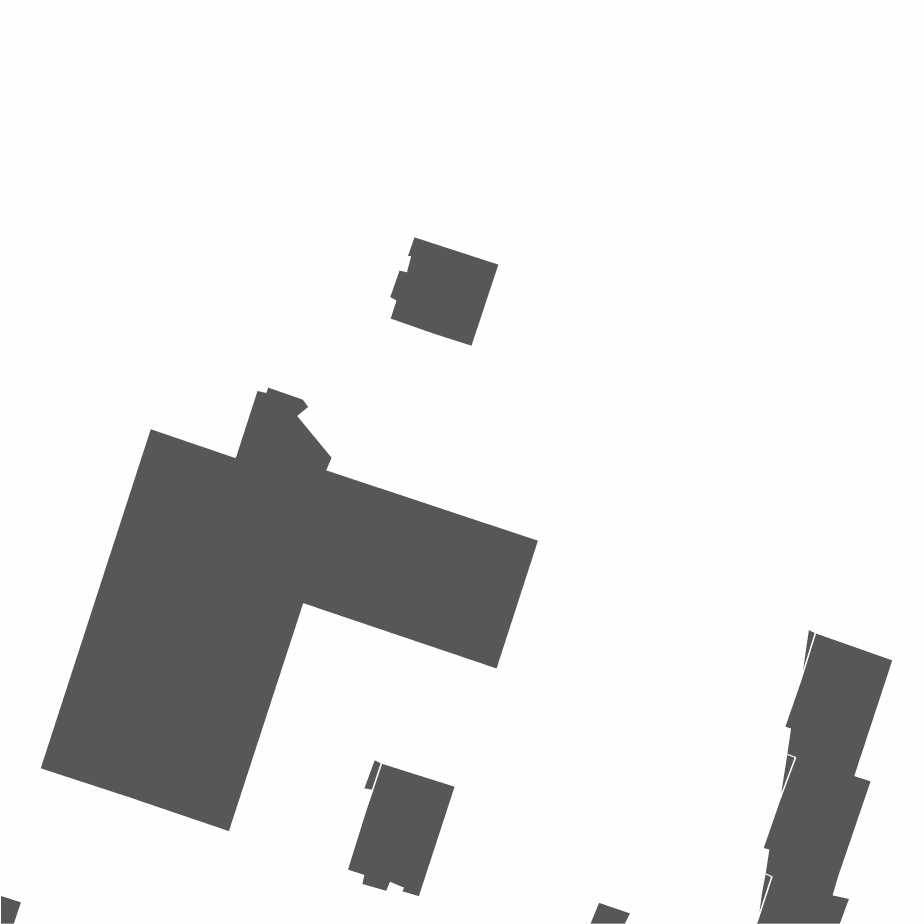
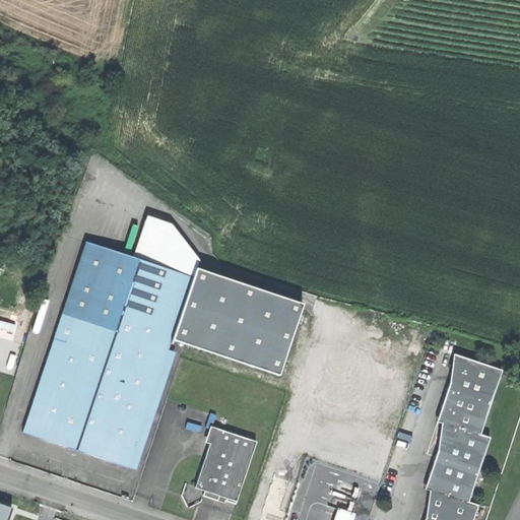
building: [389,237,499,347] -> none

